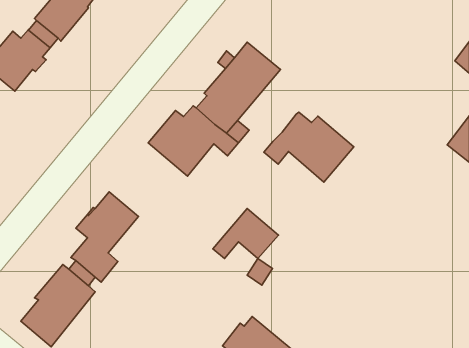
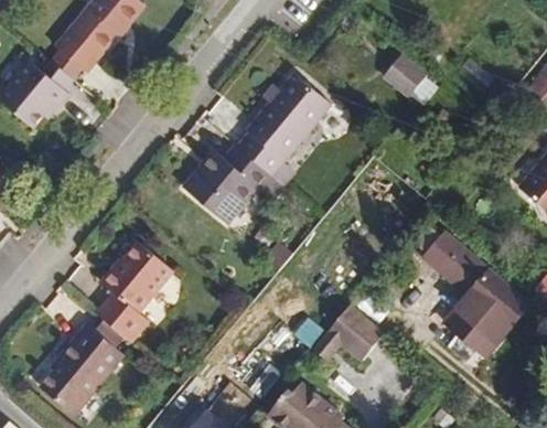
building: none -> [385,54,428,97]
building: [264,112,354,182] -> none
building: none -> [425,232,529,356]
building: [213,209,279,259] -> [312,303,386,360]

